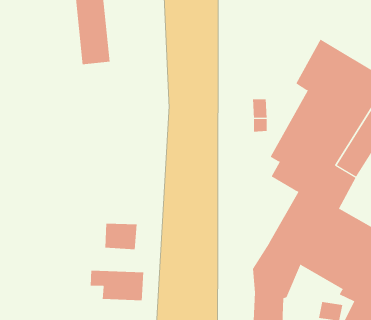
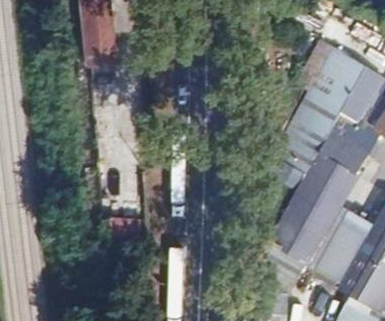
building: [90,270,144,301] -> none

